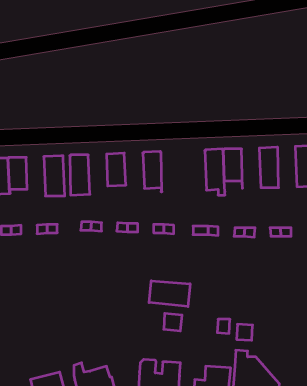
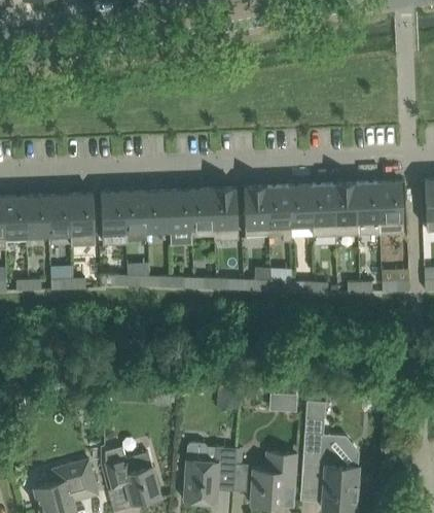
building: none -> [356,182,379,233]
building: none -> [312,184,335,234]
building: none -> [244,186,268,237]
building: none -> [213,187,238,238]
building: none -> [168,190,192,234]
building: none -> [123,192,148,241]
building: none -> [47,195,71,244]
building: [149,281,190,307] -> none

